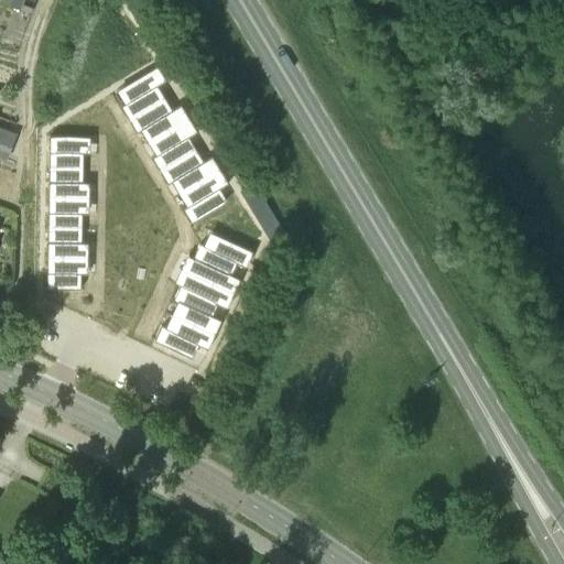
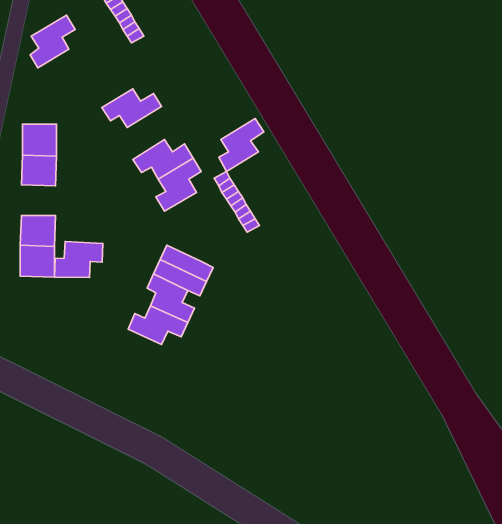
building: [122,67,167,120] -> [30,15,75,68]
building: [153,119,198,172] -> [219,119,264,172]
building: [50,197,84,228] -> none
building: [195,235,254,274] -> none
building: none -> [54,241,103,277]

